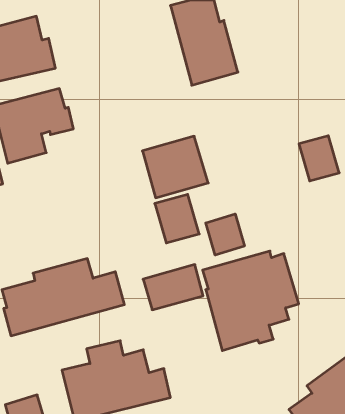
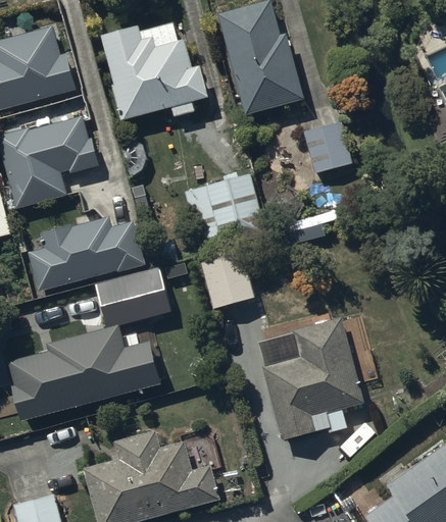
building: none -> [101,20,208,118]
building: [299,136,339,181] -> [301,120,351,176]
building: none -> [29,215,144,292]
building: [206,214,244,255] -> none
building: [143,265,203,310] -> [93,270,167,326]

